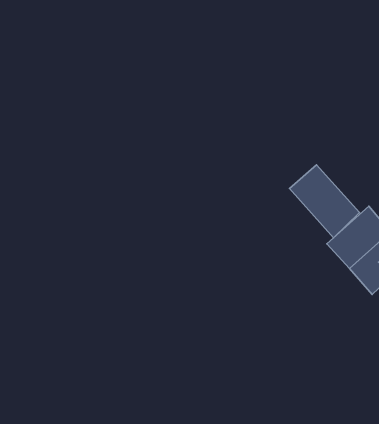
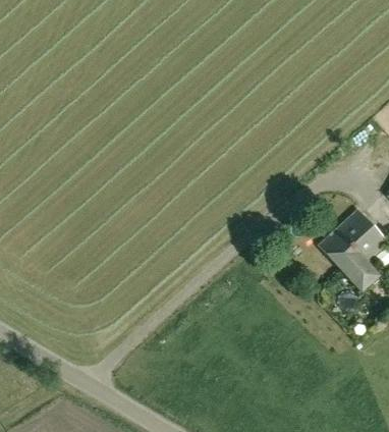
building: [289,165,360,238] -> none

